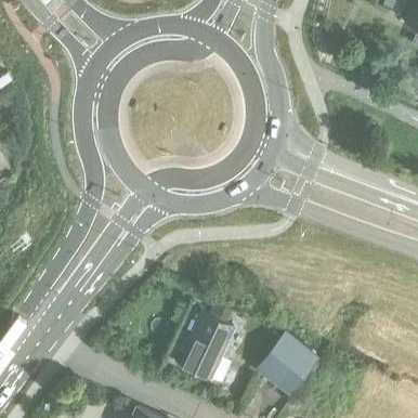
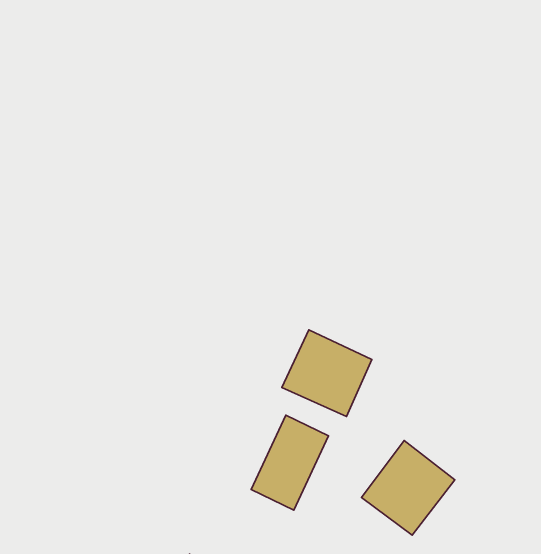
building: none -> [282,330,372,417]

